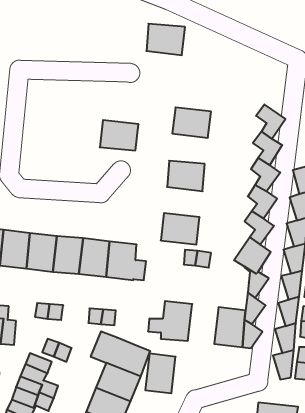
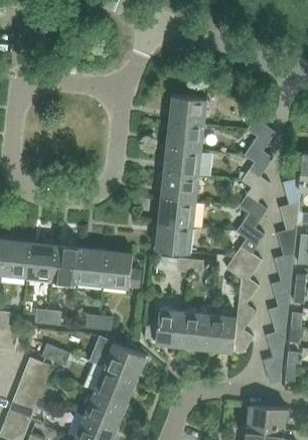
building: [146,24,185,55] -> [169,96,206,126]
building: [100,120,139,150] -> [163,147,200,176]
building: none -> [158,198,195,228]
building: [145,354,176,393] -> [181,311,210,349]

